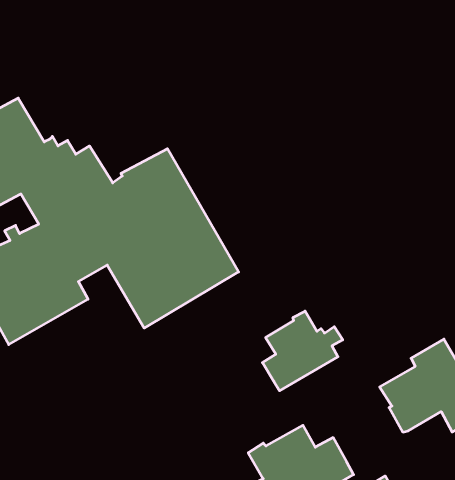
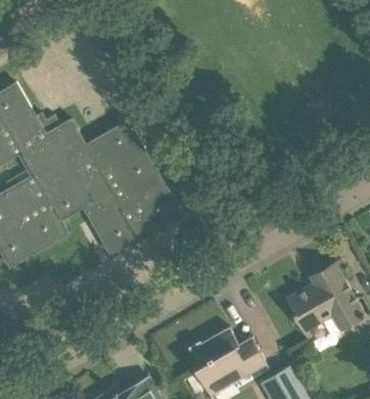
building: [262,311,343,391] -> none

